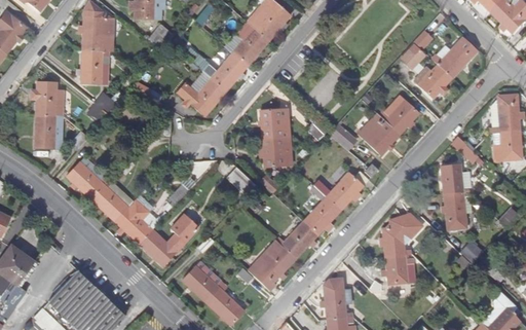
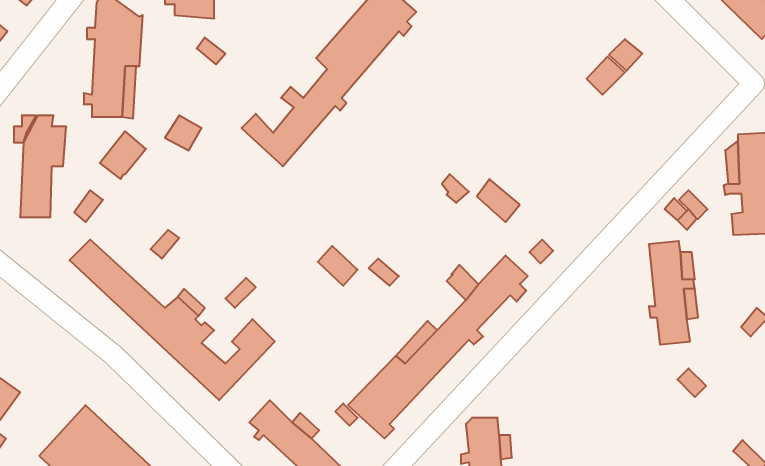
building: [414,44,471,98] -> none
building: [359,101,418,154] -> none
building: [259,110,292,167] -> none
building: [379,212,423,285] -> none

